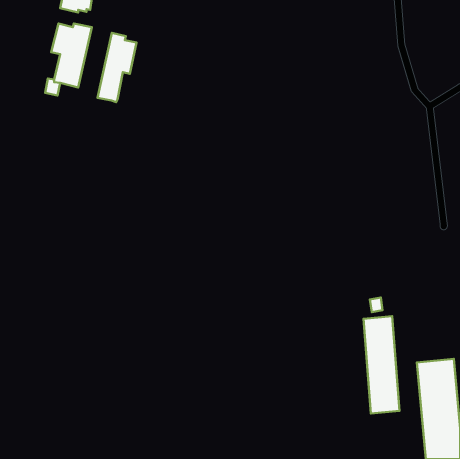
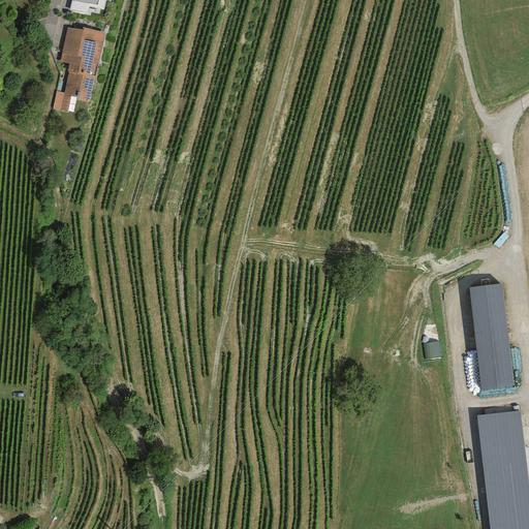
building: [97,33,136,102] -> none
building: [364,316,400,414] -> [471,281,512,393]

